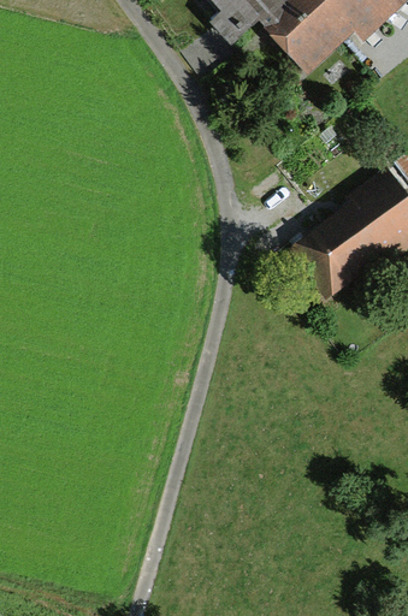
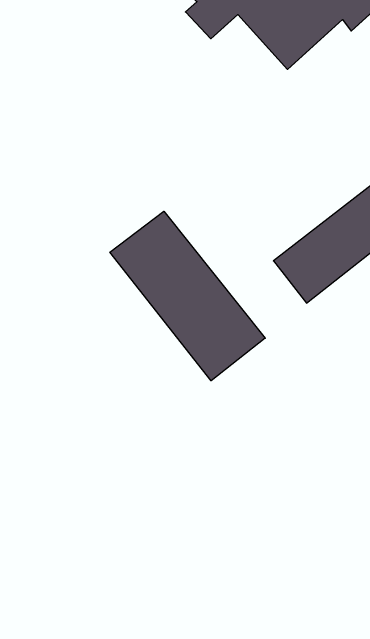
building: none -> [110,211,265,381]

